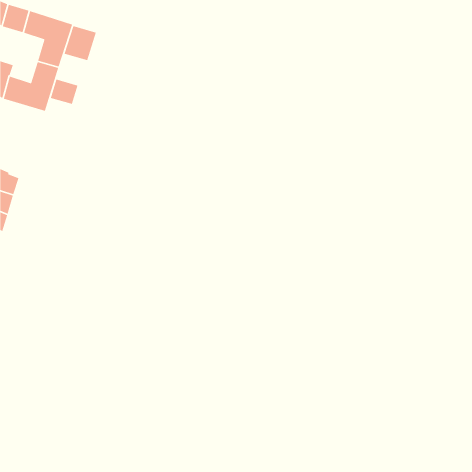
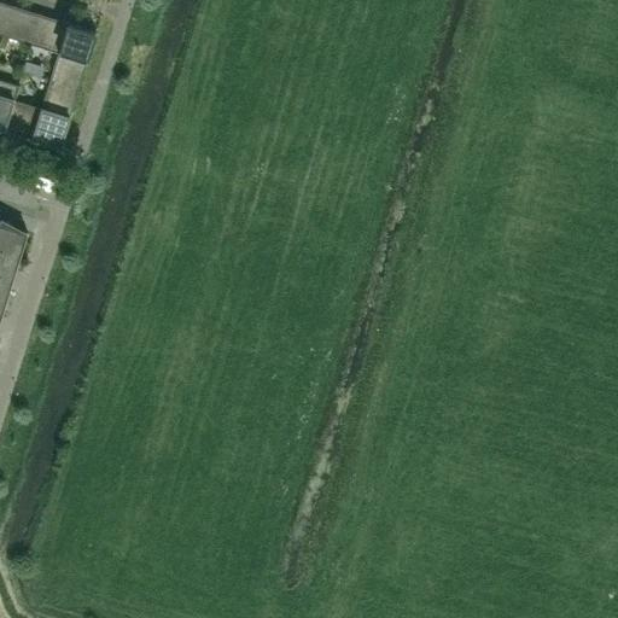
building: [63,25,97,61] -> none
building: [50,79,79,105] -> none

